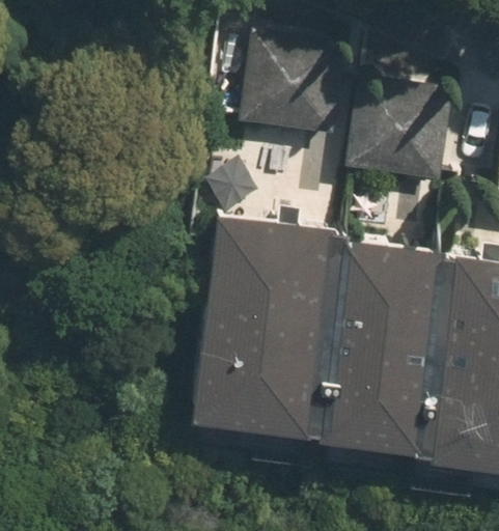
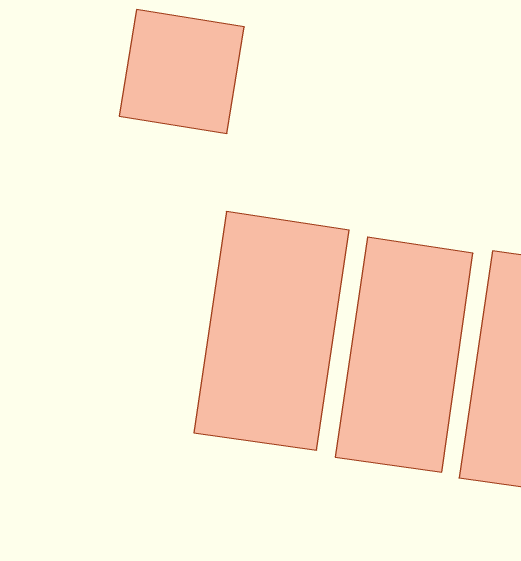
building: [239,35,351,146] -> [119,10,244,133]
building: [344,78,459,193] -> none

